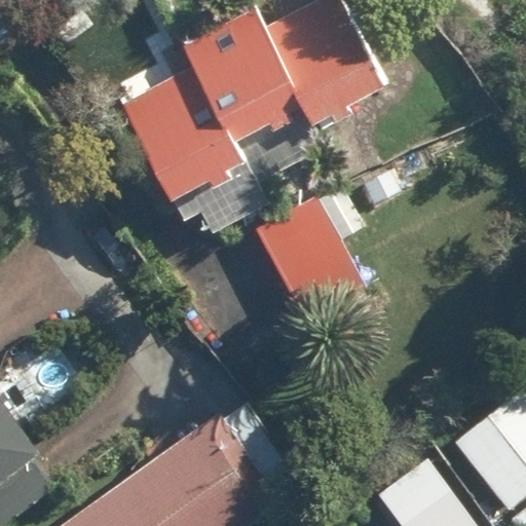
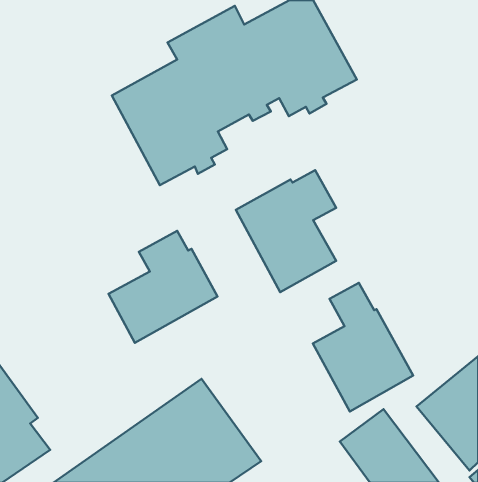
building: none -> [108,231,218,343]
building: none -> [313,283,413,411]

